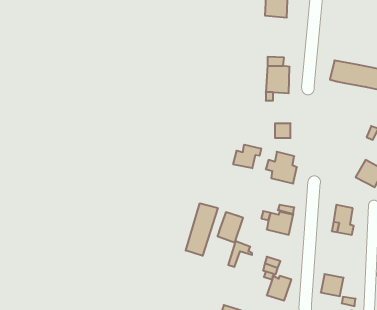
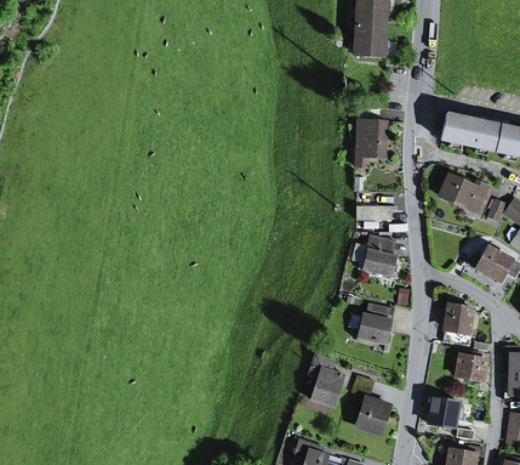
building: none -> [439,175,490,211]
building: [233,145,261,168] -> none
building: [186,203,218,256] -> none
building: [217,212,243,242] -> [310,367,344,407]
building: none -> [456,351,485,380]

